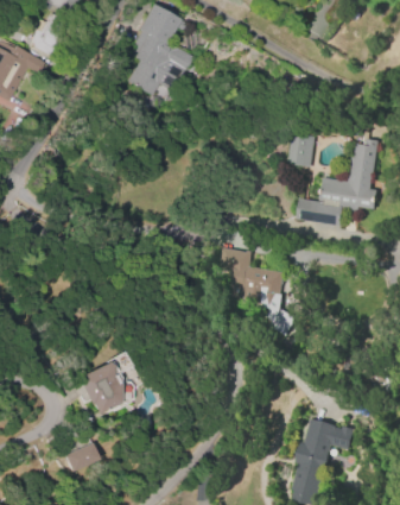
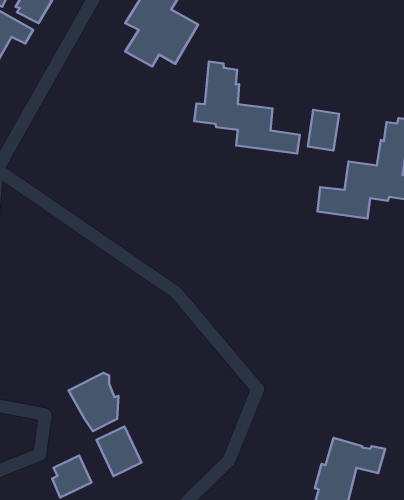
building: none -> [194,61,300,153]
building: [215,248,293,334] -> none
building: none -> [96,426,142,476]

